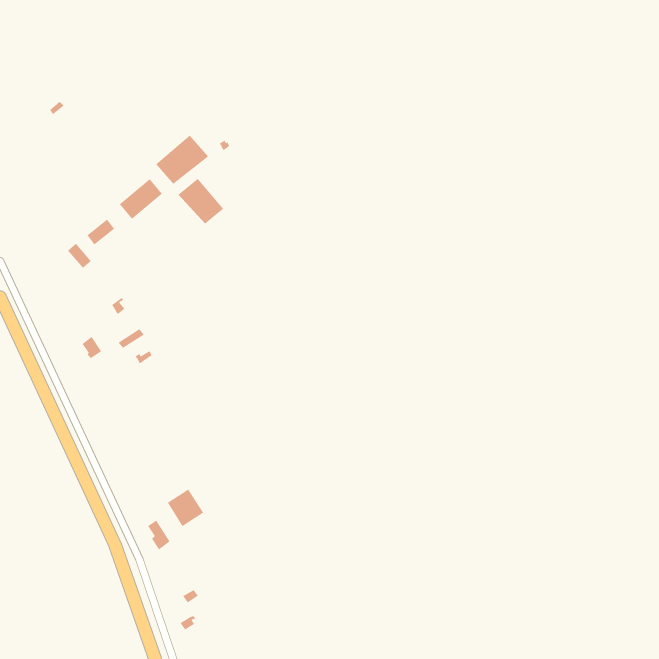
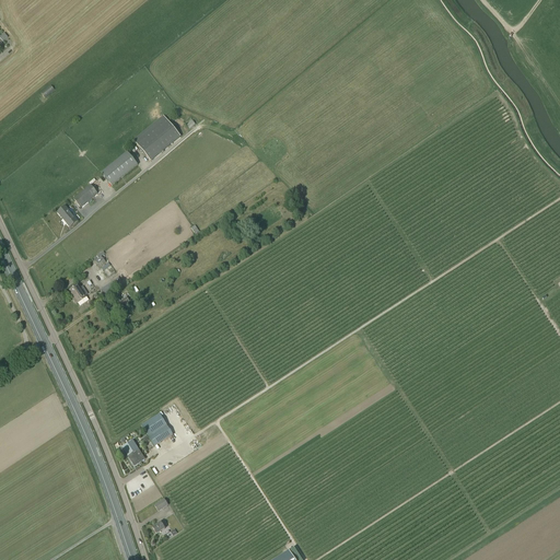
building: [177,178,224,225] -> none

